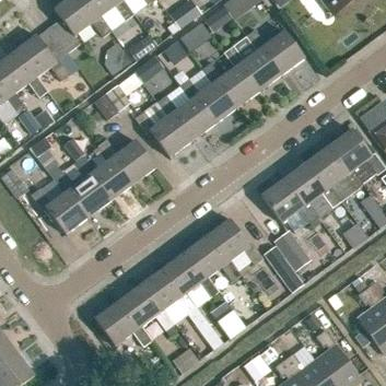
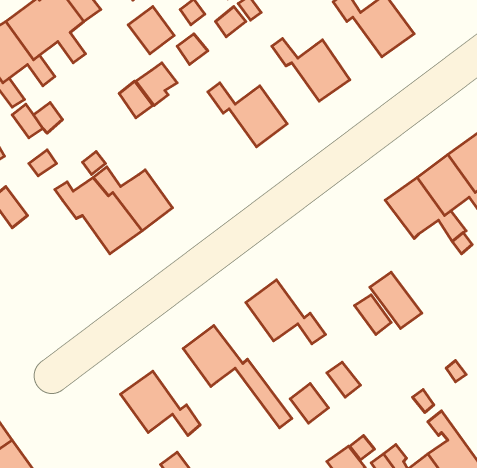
building: [225,46,282,92] -> none
building: [180,79,237,124] -> none
building: [136,101,192,156] -> none
building: [98,139,155,184] -> none
building: [261,178,319,233] -> none
building: [32,187,87,233] -> none
building: [207,219,264,265] -> none
building: [162,252,219,297] -> none
building: [118,284,175,330] -> none

